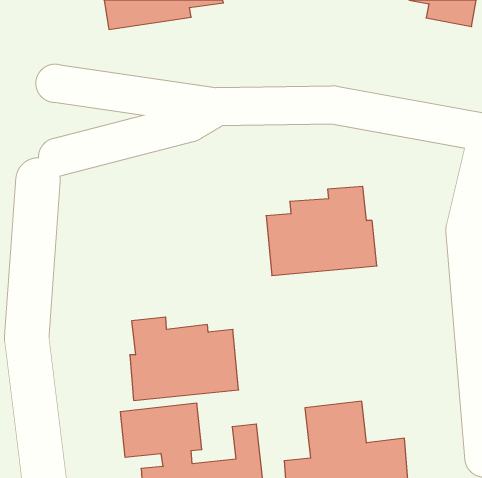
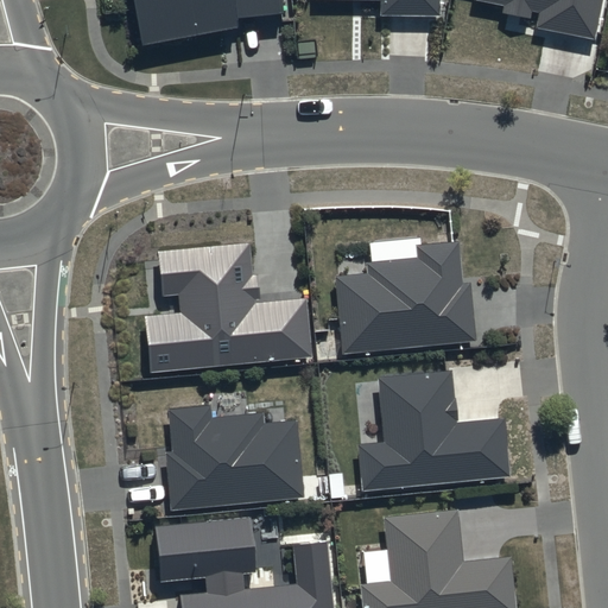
building: none -> [142,242,311,372]
building: none -> [359,369,509,489]

